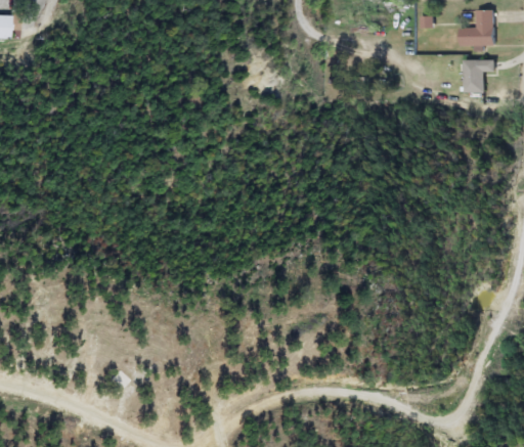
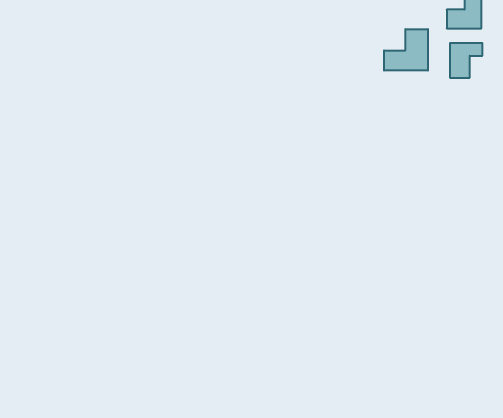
building: none -> [384,29,428,71]

